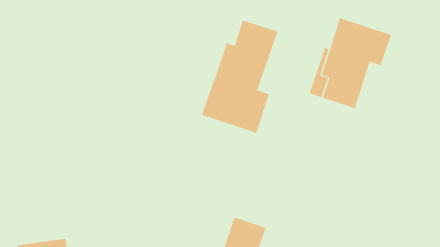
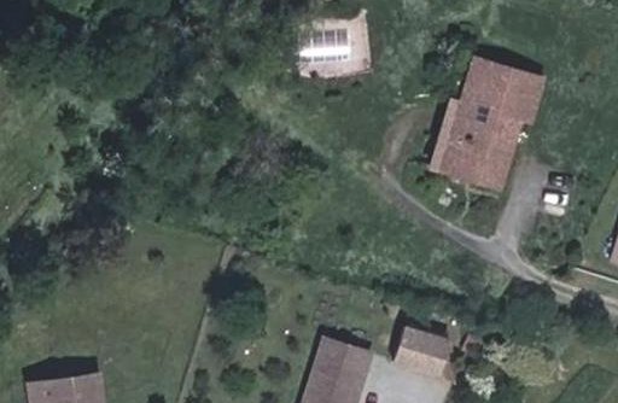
building: [201,20,278,134] -> none
building: none -> [395,325,451,374]

